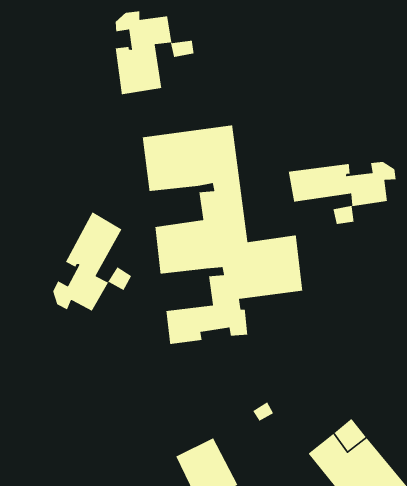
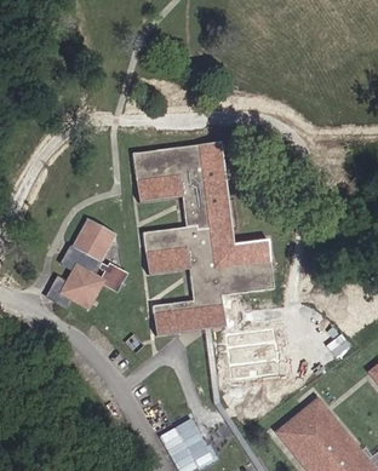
building: [115,11,194,95] -> none
building: [288,161,396,225] -> none

